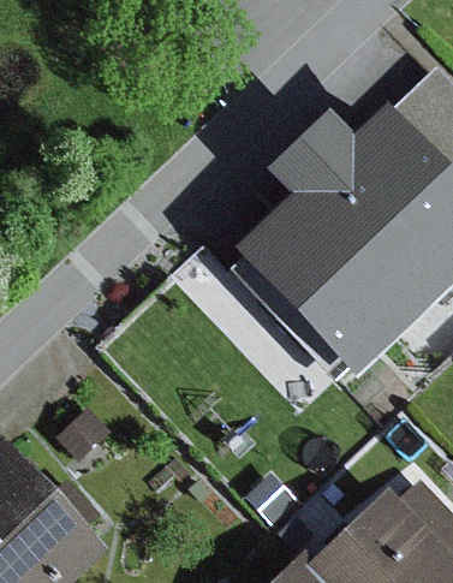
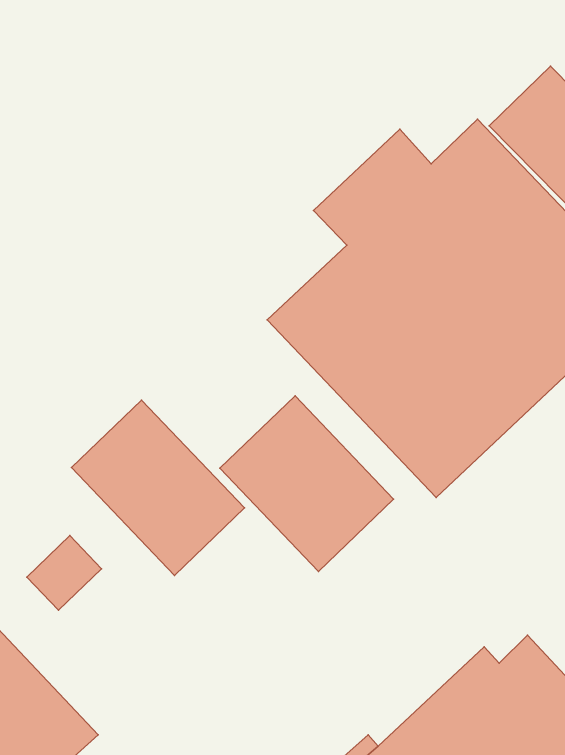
building: none -> [220,396,394,571]
building: none -> [72,400,244,576]

